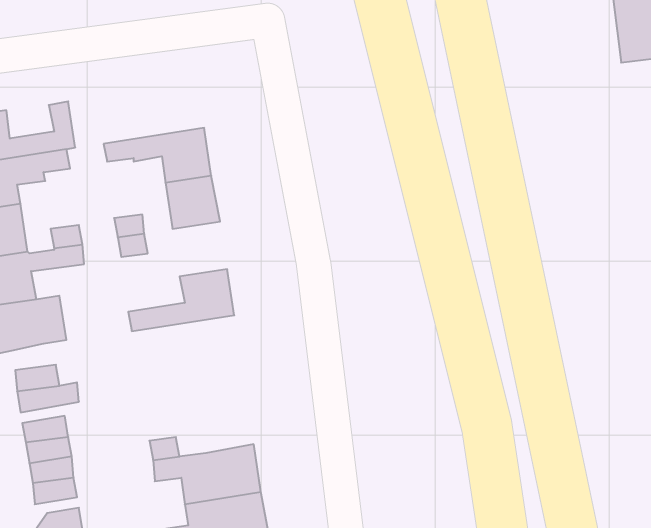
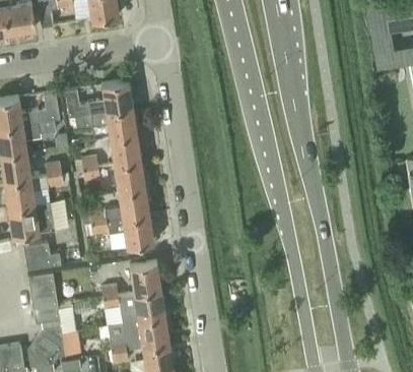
building: none -> [65,80,132,118]
building: none -> [114,162,145,193]
building: none -> [90,215,153,247]
building: none -> [129,262,160,295]

